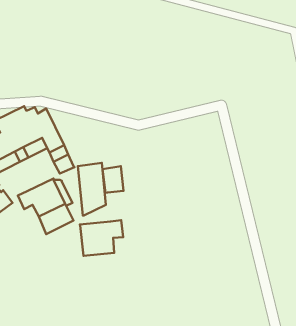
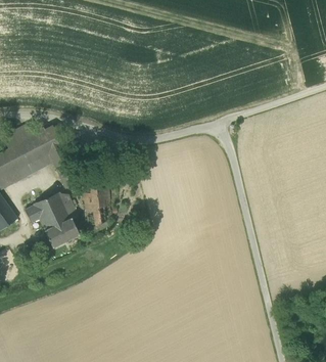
building: [102,166,123,193] -> none
building: [80,220,123,256] -> none

